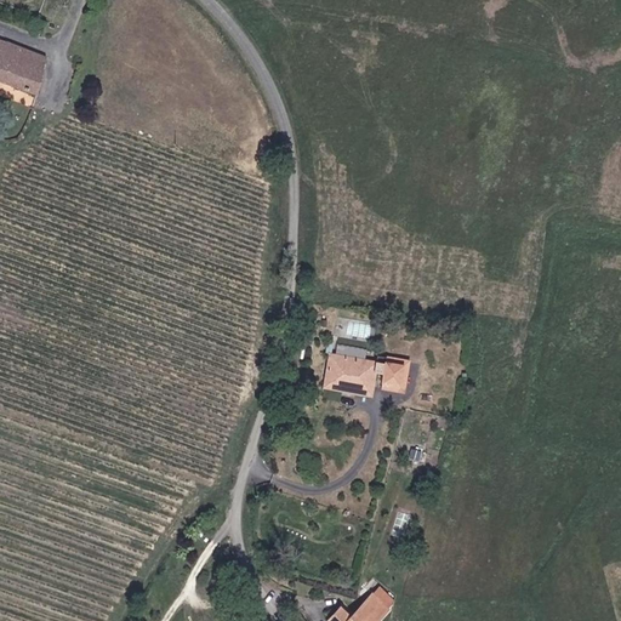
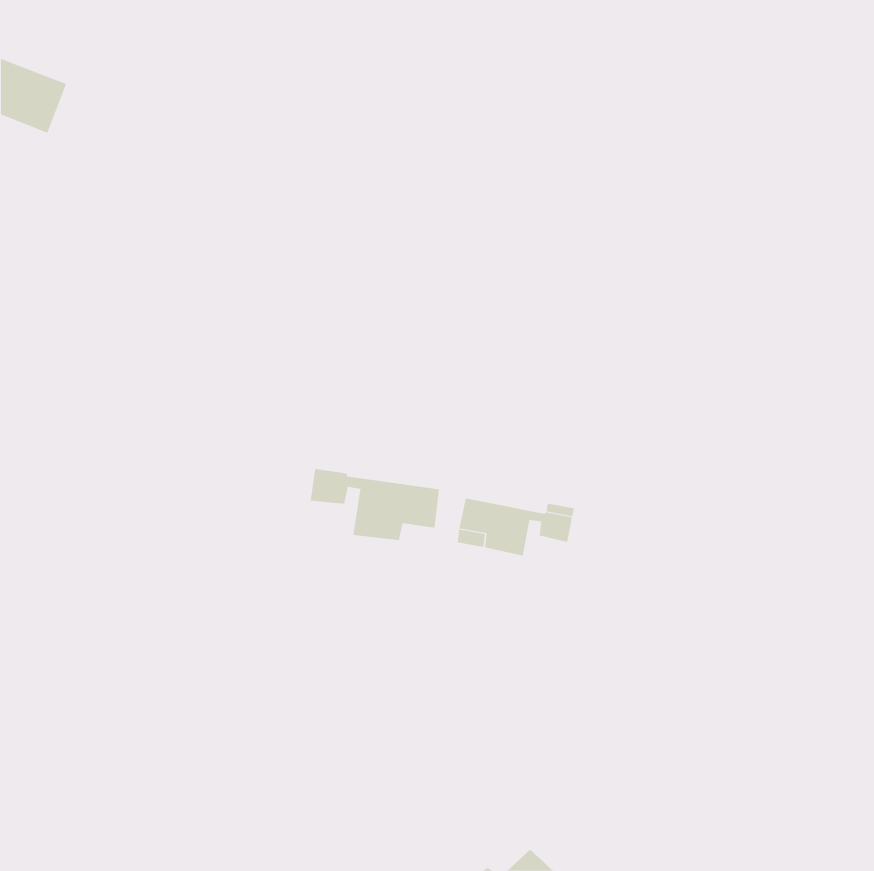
building: none -> [310,468,440,541]

